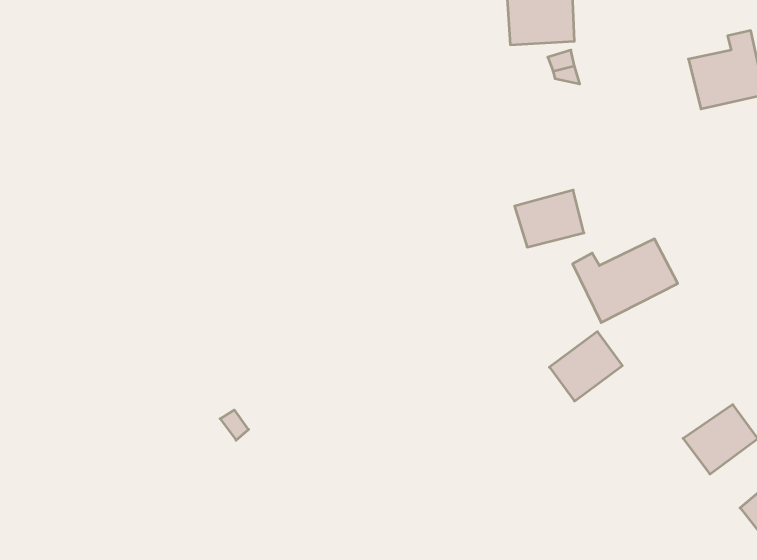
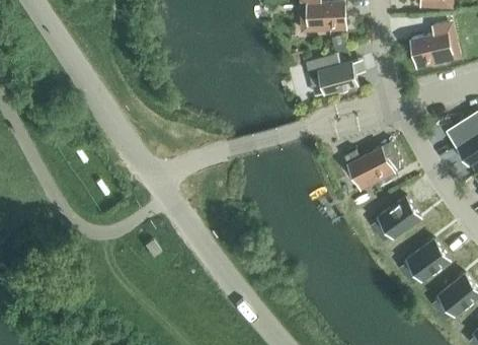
building: [515,190,584,247] -> [317,62,356,94]
building: [549,332,622,401] -> [378,198,419,237]

